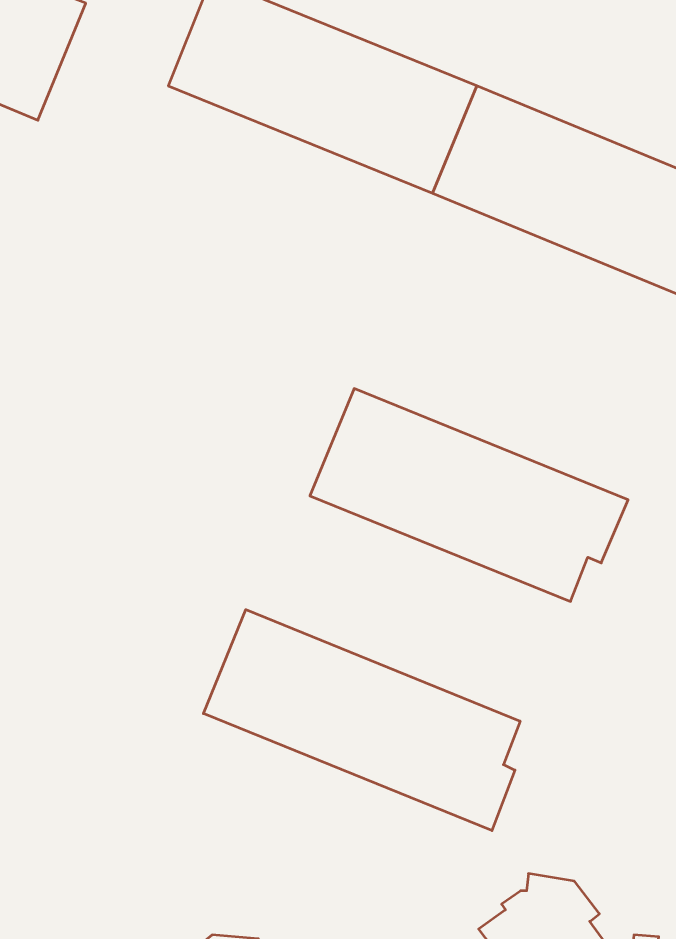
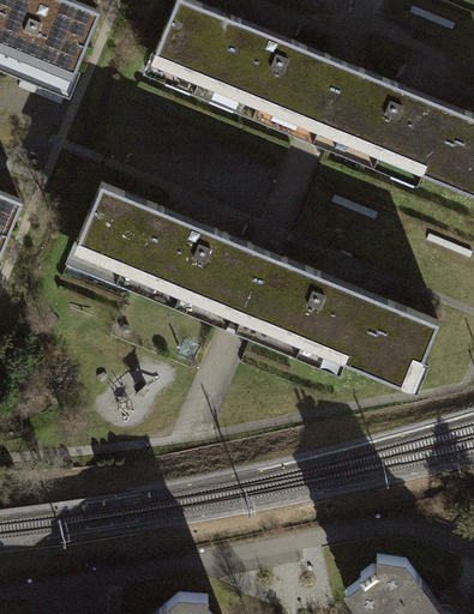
building: none -> [72,186,266,321]
building: [203,610,520,831] -> none

